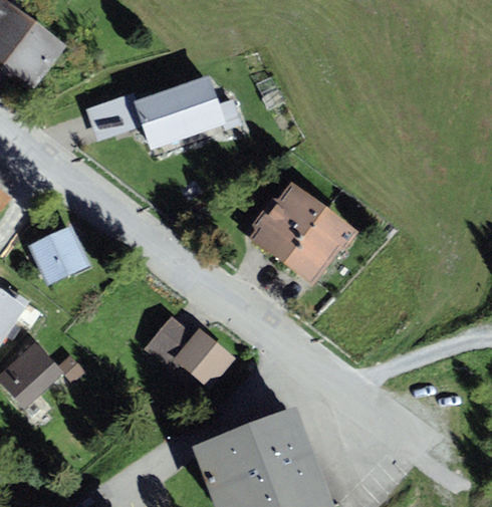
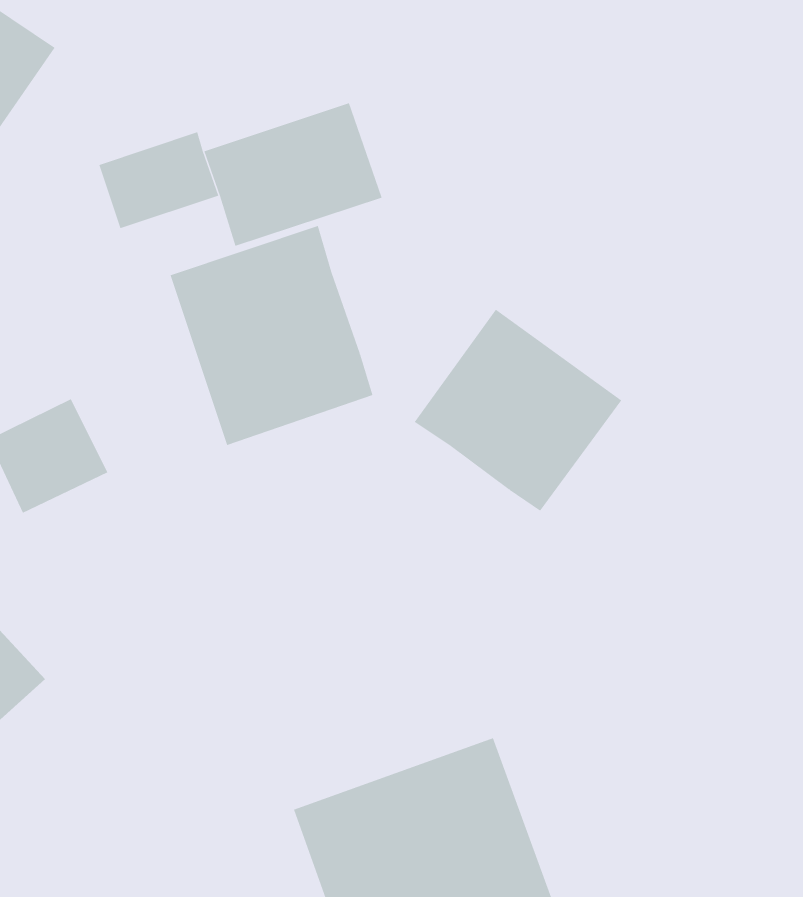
building: none -> [170,225,373,446]
building: [142,316,193,369] -> none
building: [176,328,240,393] -> none

